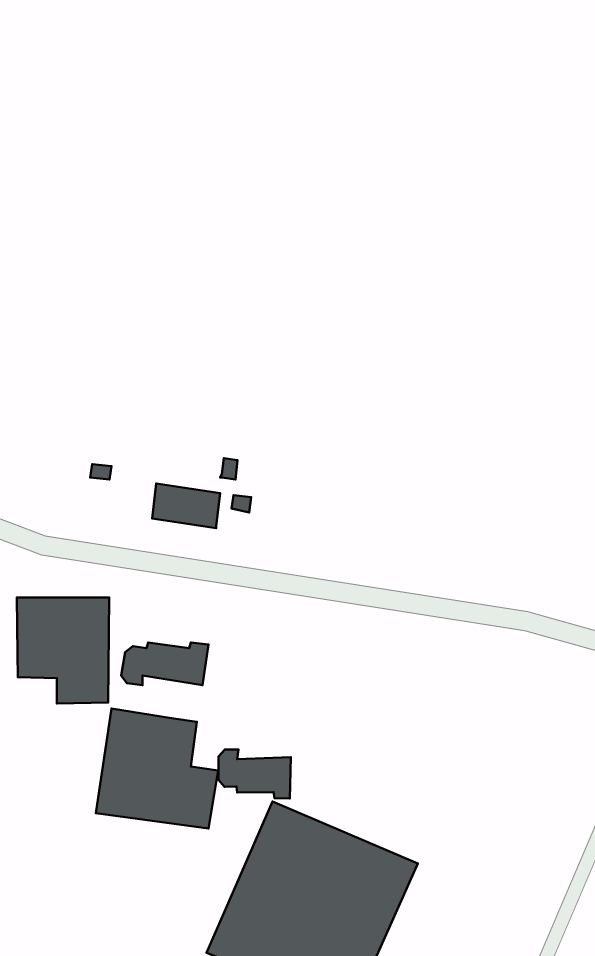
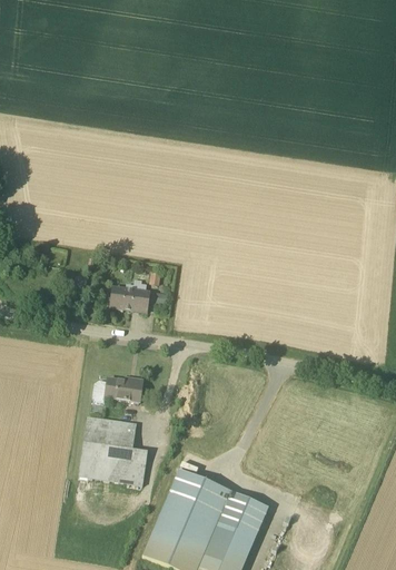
building: [17,598,109,703] -> none
building: [218,749,291,798] -> none

